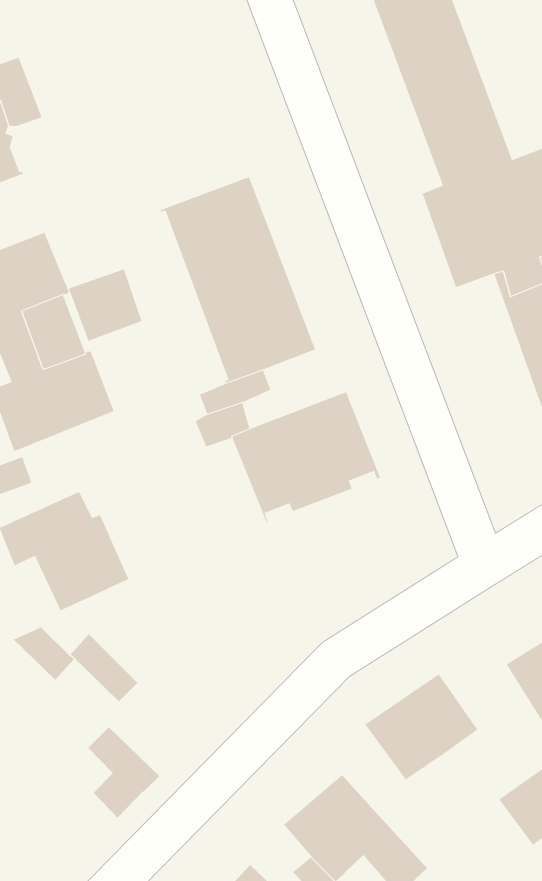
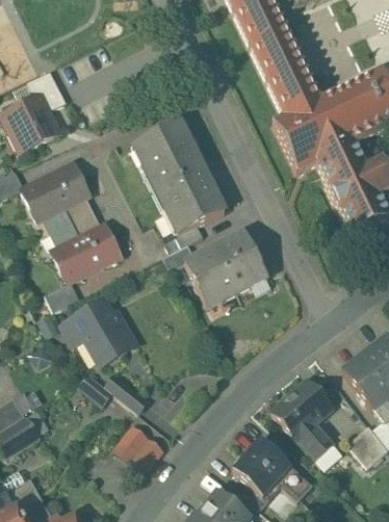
building: [69,267,142,342] -> none
building: none -> [297,422,334,459]

